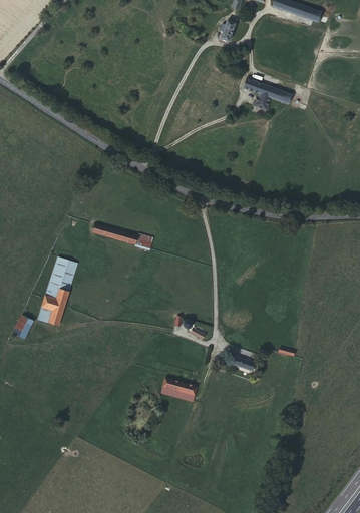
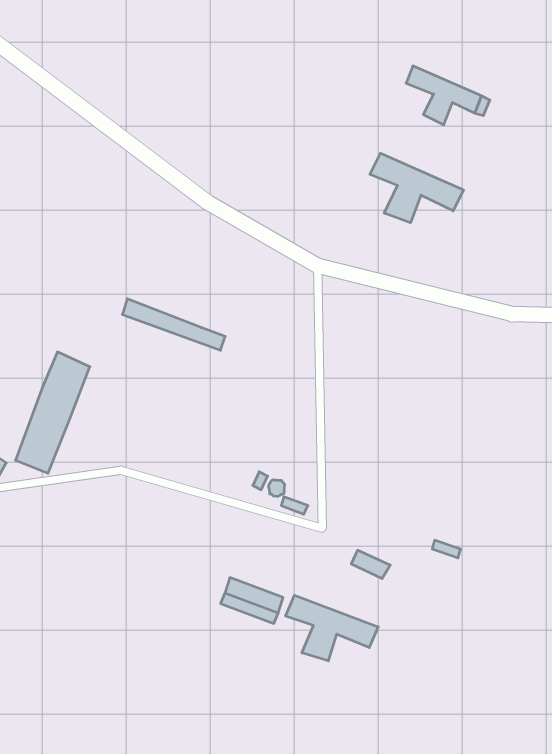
building: none -> [370,153,463,223]
building: none -> [286,595,378,661]

